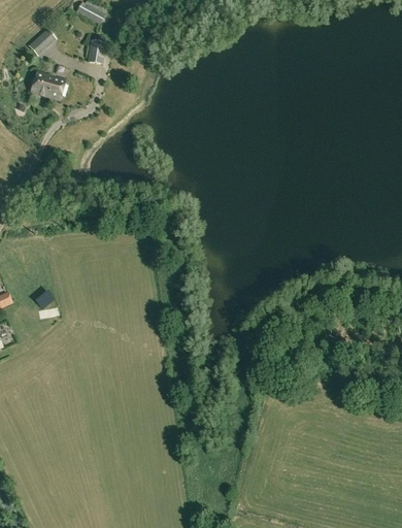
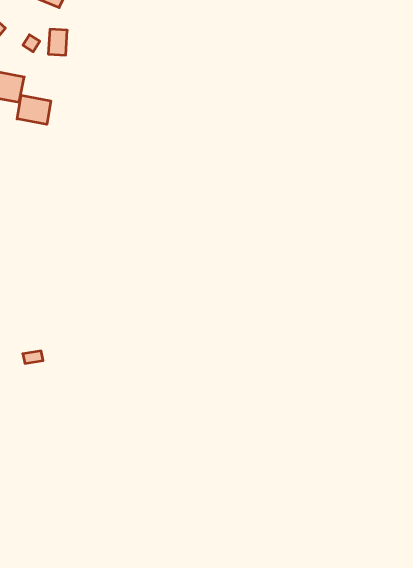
building: none -> [17,95,51,124]

